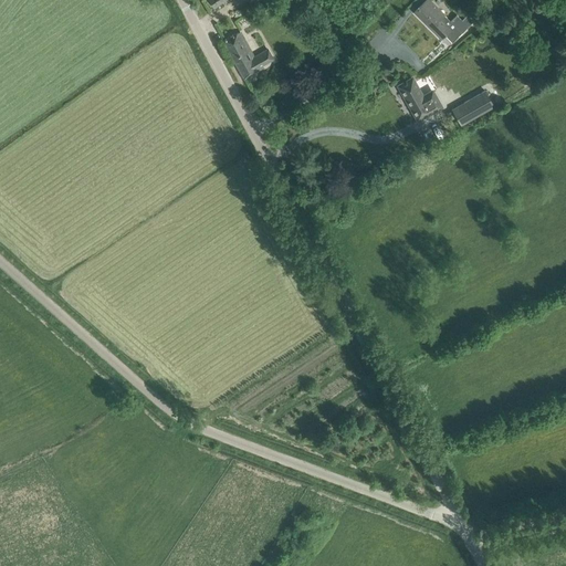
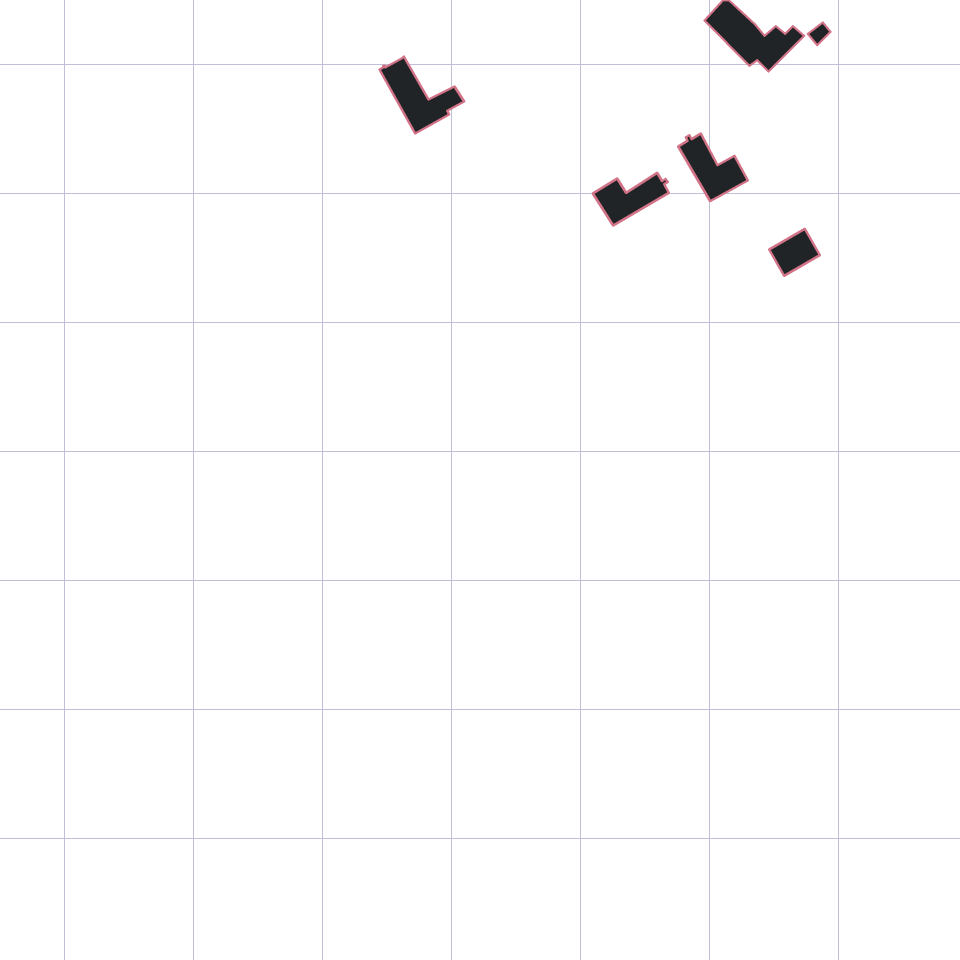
building: [464,91,494,118] -> [769,229,820,276]
building: none -> [593,173,669,225]

